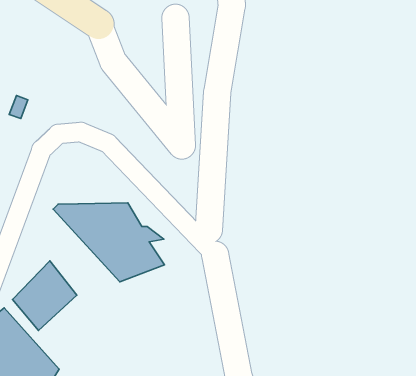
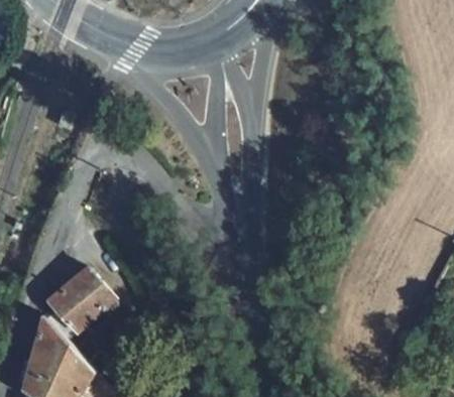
building: [53,203,164,282] -> none

